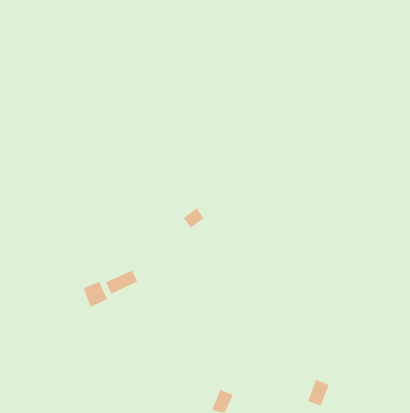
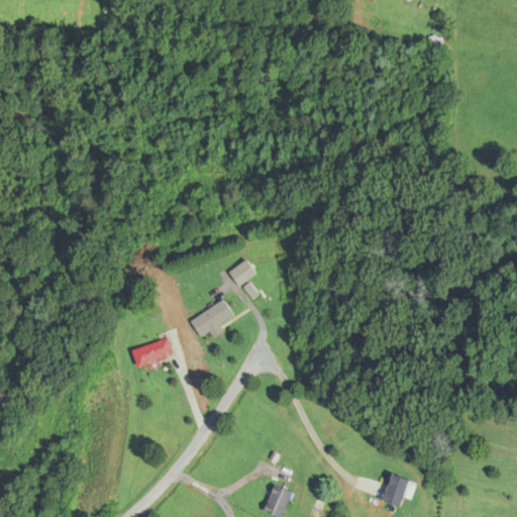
building: none -> [190,299,234,337]
building: [82,281,108,308] -> none

